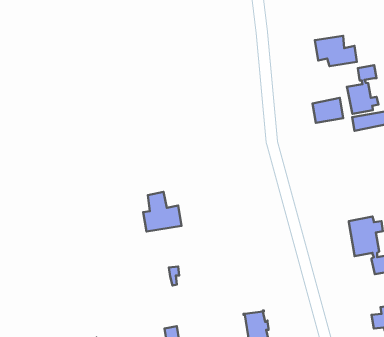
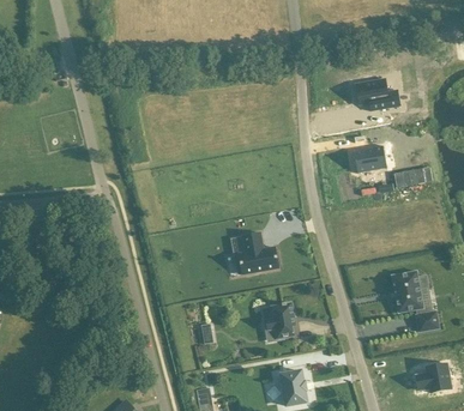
building: [347,65,379,114] -> none
building: [143,192,182,231] -> [237,231,278,273]
building: none -> [265,302,295,337]

